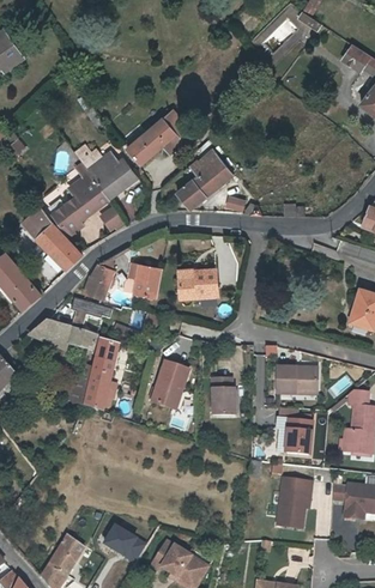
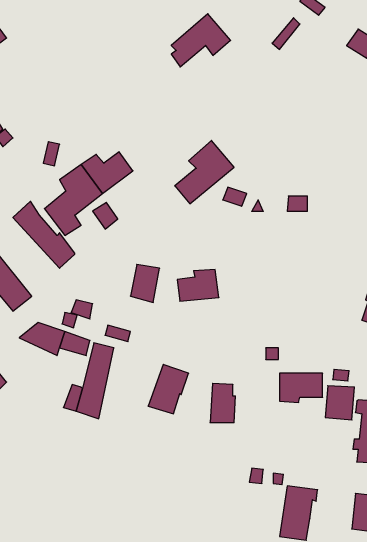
building: [127,117,183,168] -> [171,14,231,67]
building: [85,265,115,299] -> none
building: [284,422,312,454] -> [325,386,354,420]

